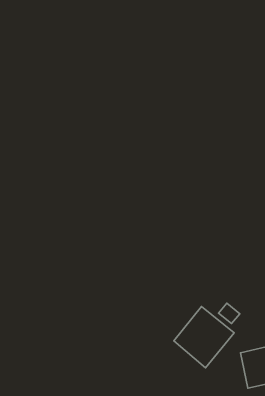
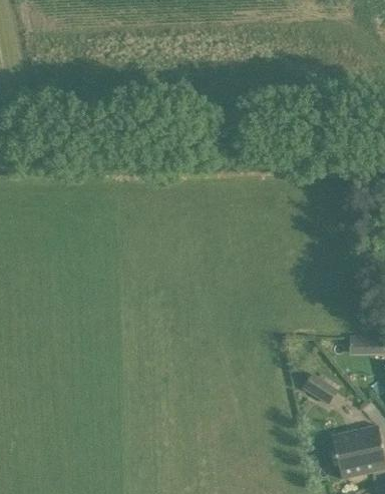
building: [174,306,234,368] -> none

